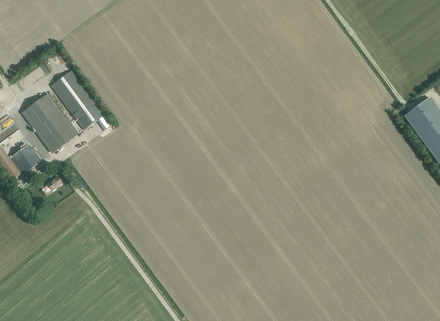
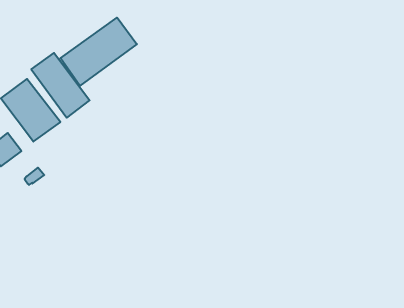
building: none -> [60,18,137,86]

